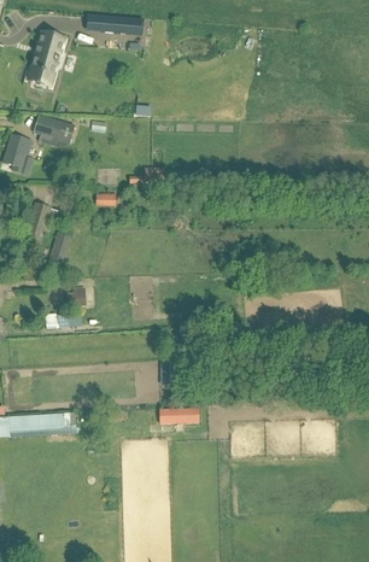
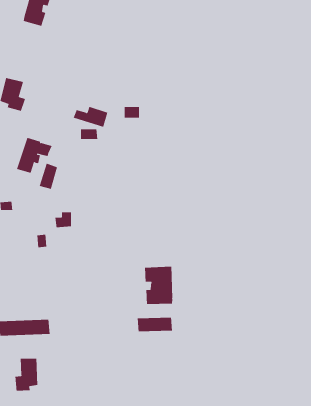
building: [34,118,74,142] -> [73,106,108,128]
building: none -> [144,266,173,305]
building: none -> [15,358,38,392]

